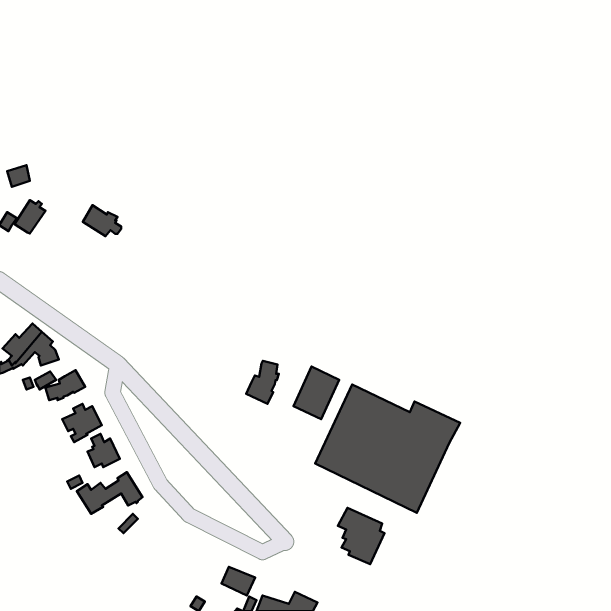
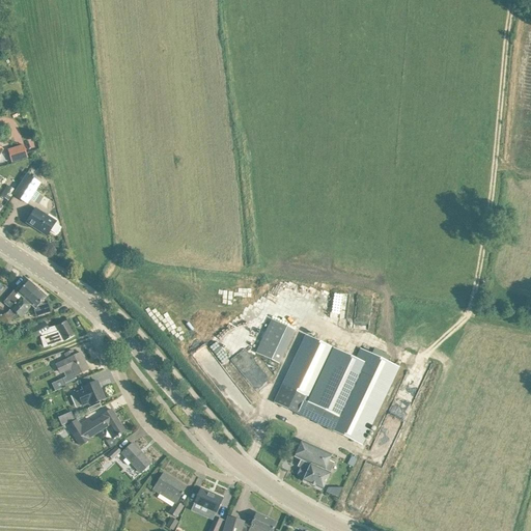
building: [83,205,121,236] -> [26,207,59,234]
building: [246,361,279,404] -> none
building: none -> [120,442,149,472]
building: none -> [151,472,185,516]

